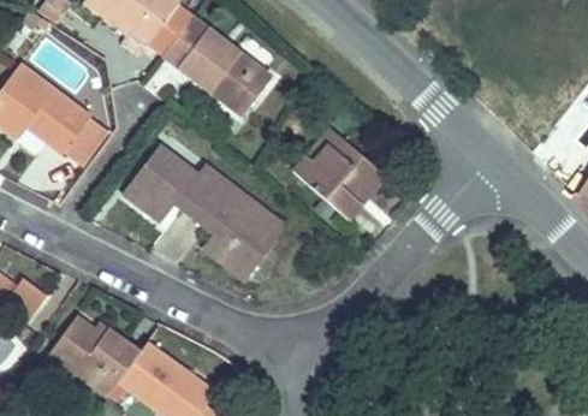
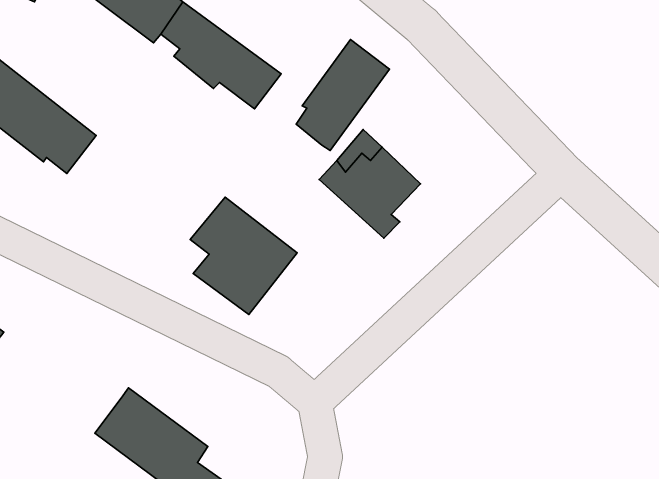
building: none -> [296,39,390,150]
building: [124,148,221,222] -> none
building: [43,311,136,394] -> none

